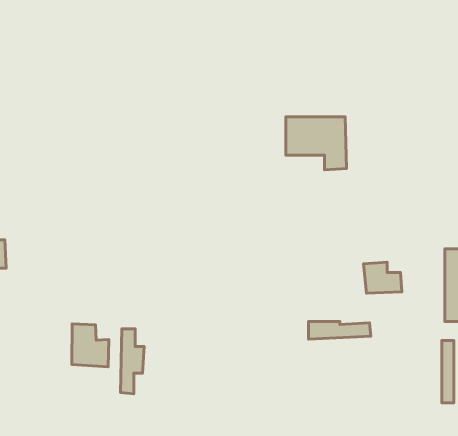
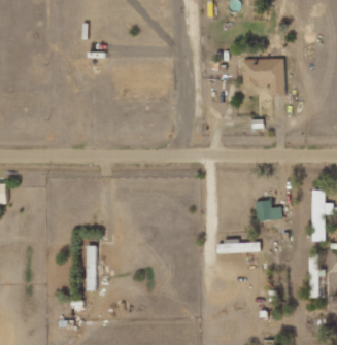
building: [286,117,347,170] -> [242,59,284,96]
building: [72,324,109,367] -> none

